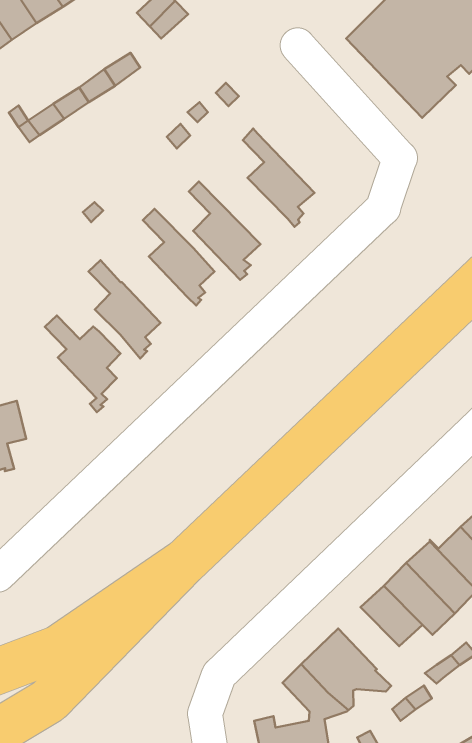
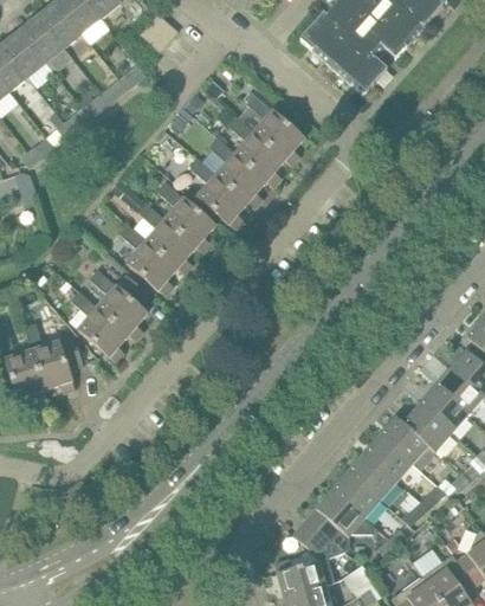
building: none -> [216,63,305,165]
building: none -> [209,136,267,207]
building: none -> [138,202,196,273]
building: none -> [71,290,134,362]
building: none -> [332,471,380,517]

